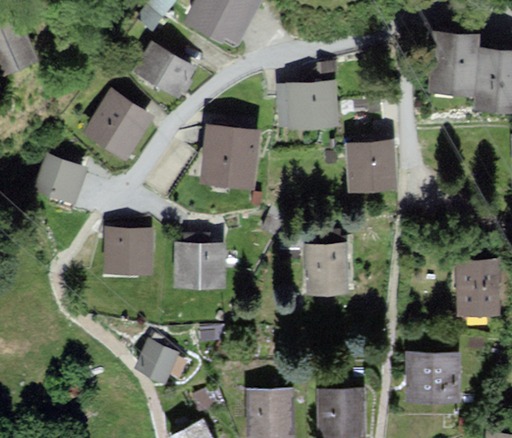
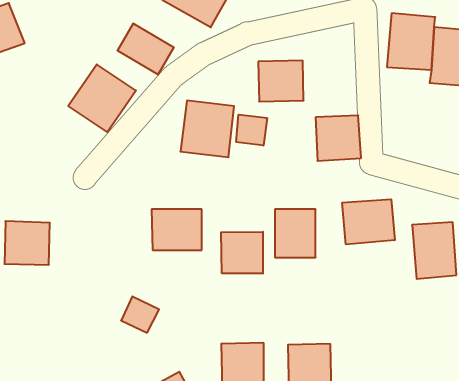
building: none -> [236,115,267,146]
building: [33,153,88,205] -> none
building: [103,227,152,274] -> [4,221,50,265]
building: none -> [342,199,395,244]
building: none -> [221,232,263,274]
building: [405,351,461,402] -> none

